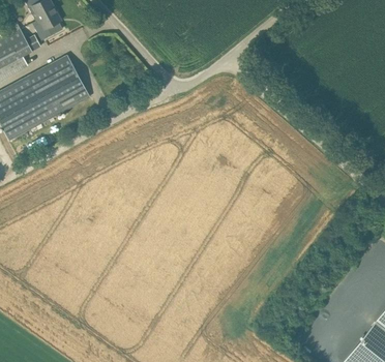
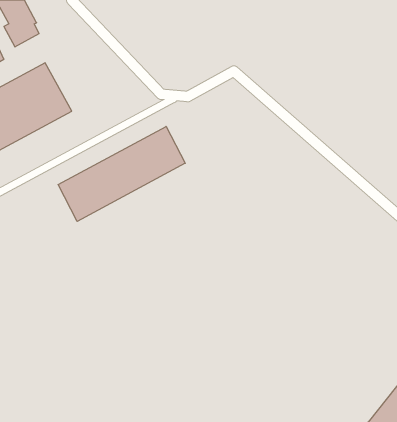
building: none -> [58,126,185,221]

